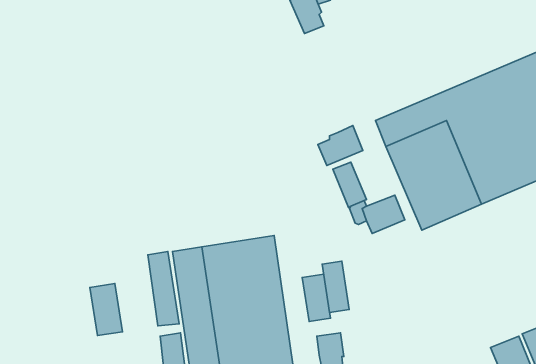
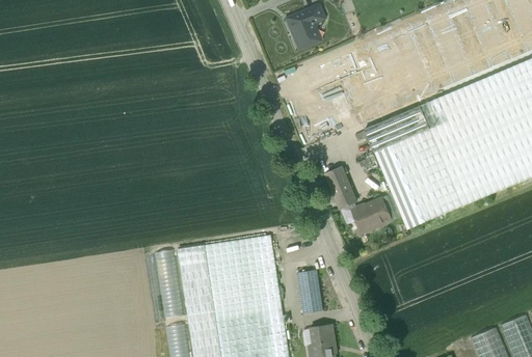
building: [318,125,363,165] -> none
building: [322,261,349,312] -> none
building: [90,284,122,336] -> none

